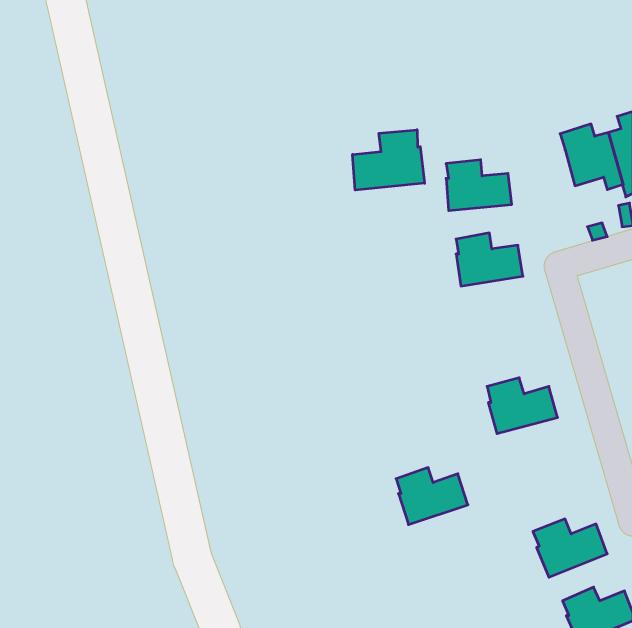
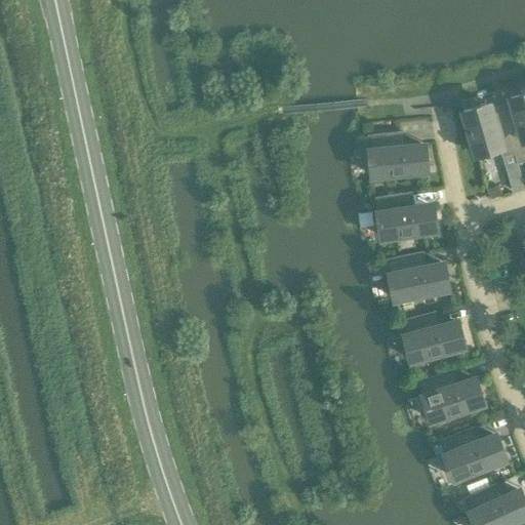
building: [353,130,425,190] -> none
building: none -> [390,257,446,302]
building: [396,468,468,525] -> [421,376,481,423]

